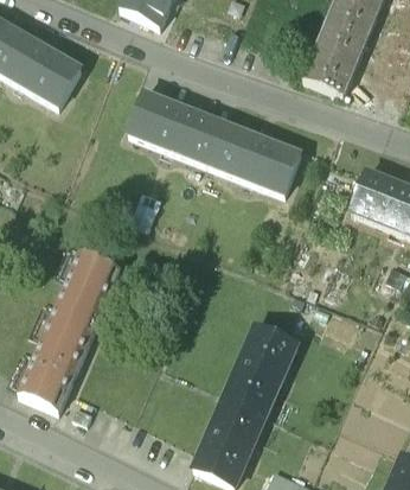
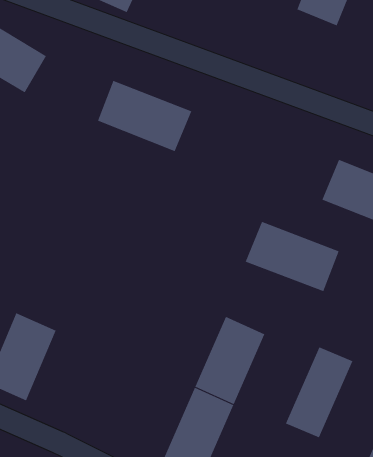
building: [303,21,366,95] -> none
building: [206,122,300,192] -> [245,221,340,292]
building: [49,250,120,339] -> none
building: none -> [285,347,353,438]

